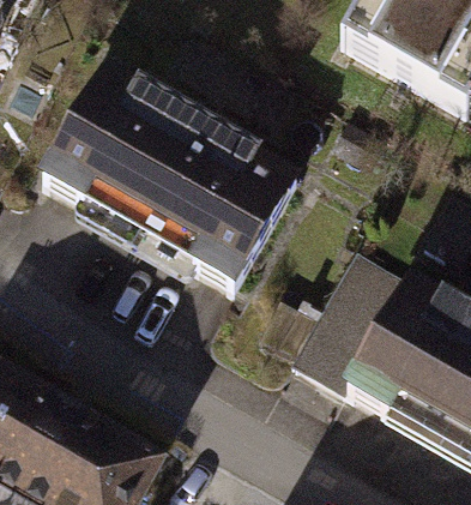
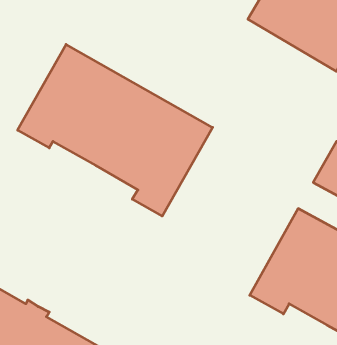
building: [298,258,410,396] -> none

